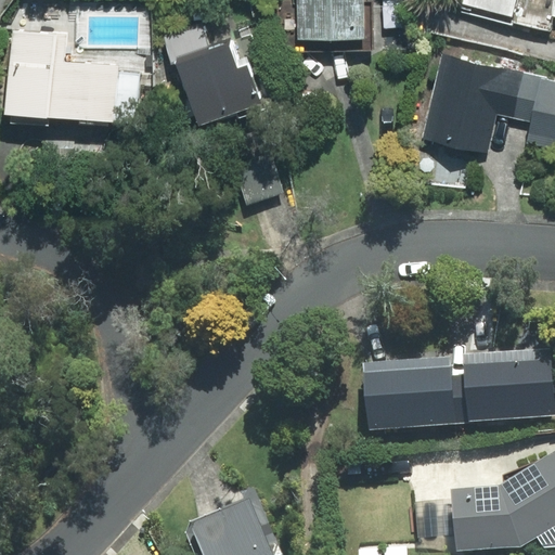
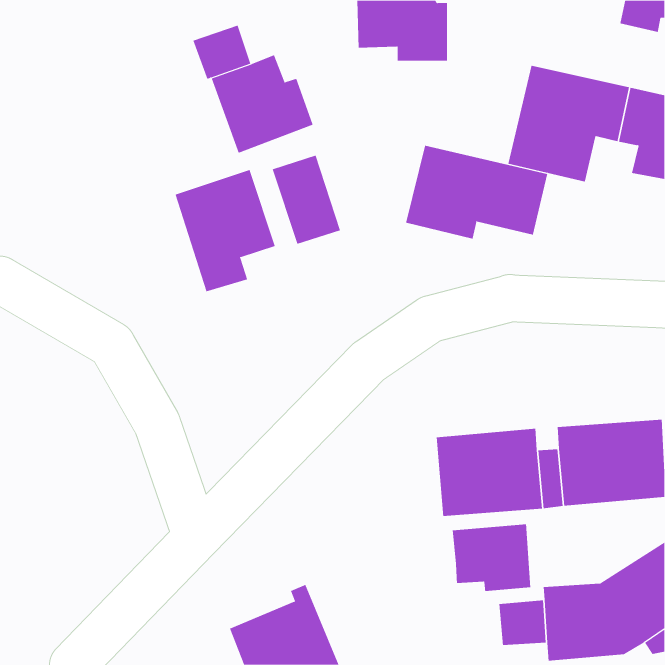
building: [5,28,140,122] -> none
building: none -> [405,145,548,240]
building: none -> [175,169,275,292]
building: none -> [452,524,531,592]

